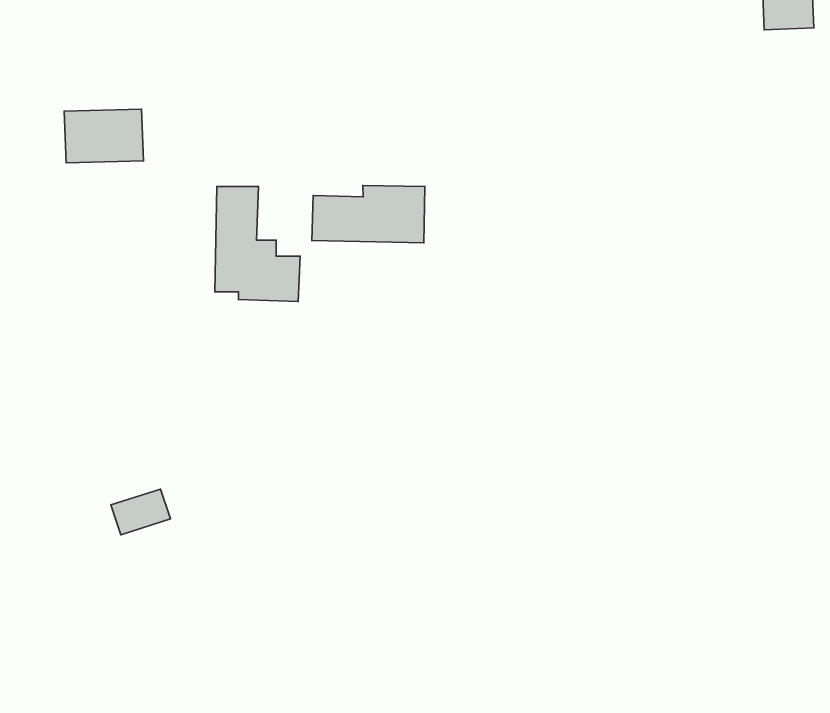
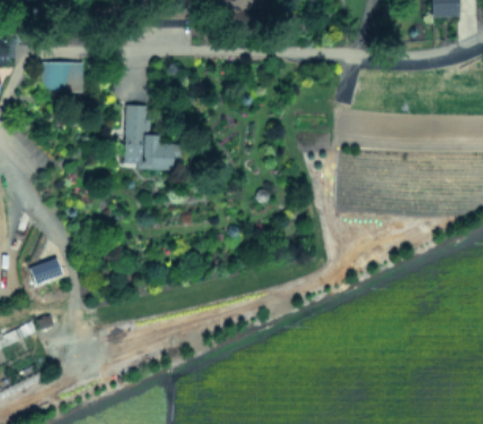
building: [312,185,425,243] -> none
building: [111,489,170,535] -> [30,259,63,284]

